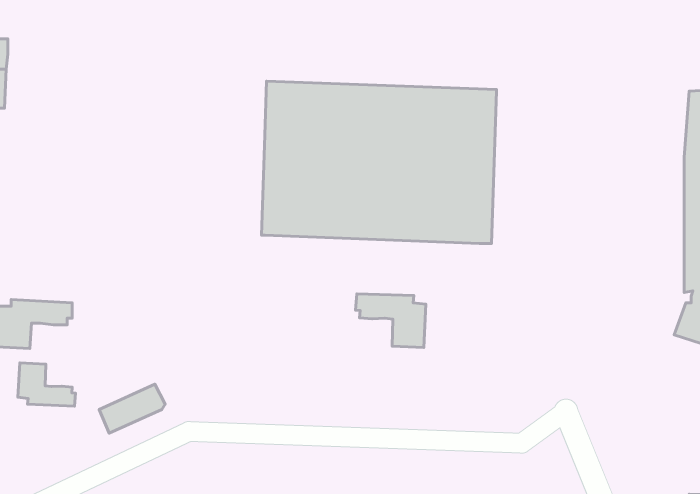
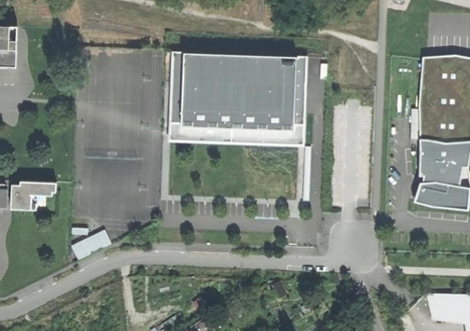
building: [355,294,426,347] -> none
building: [18,363,76,406] -> none

